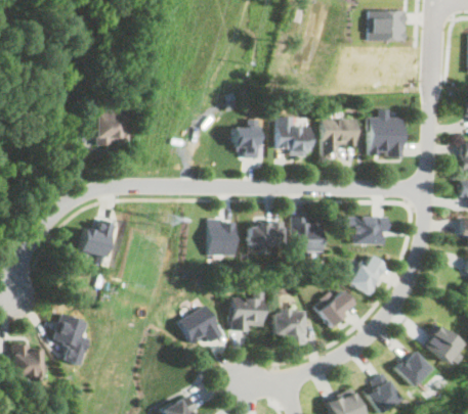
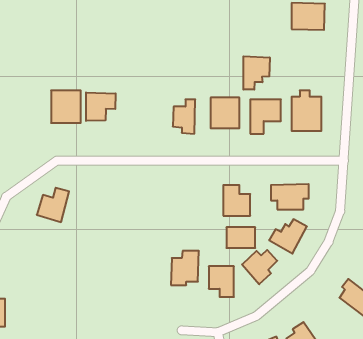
building: none -> [243,56,270,90]
building: none -> [86,92,116,121]
building: [210,219,238,256] -> none
building: [250,222,283,245] -> [226,227,255,248]
building: [179,306,224,343] -> none
building: [55,314,94,366] -> none
building: [395,350,432,386] -> none

